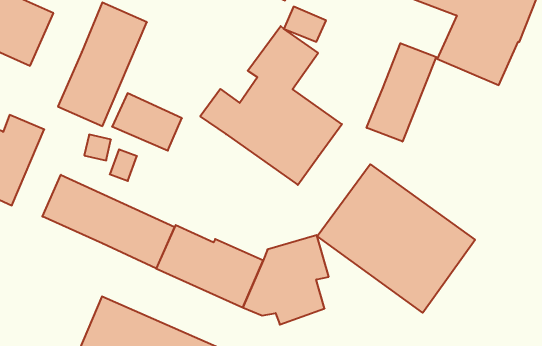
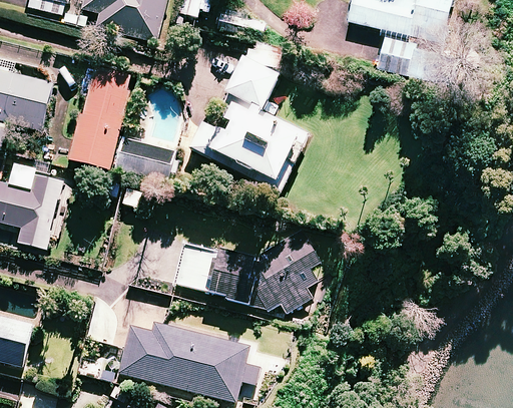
building: [367,43,436,142] -> none
building: [317,164,475,313] -> none
building: [42,175,174,269] -> none

